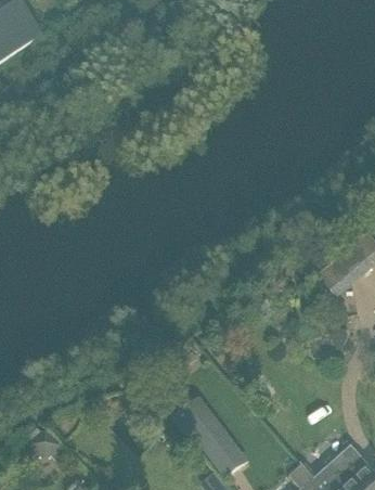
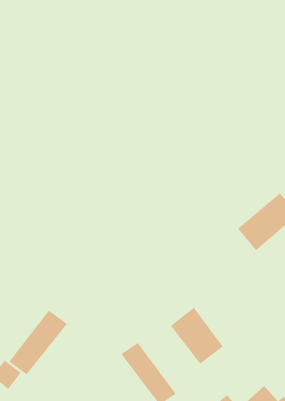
building: none -> [170,307,224,364]
building: none -> [8,310,68,375]

